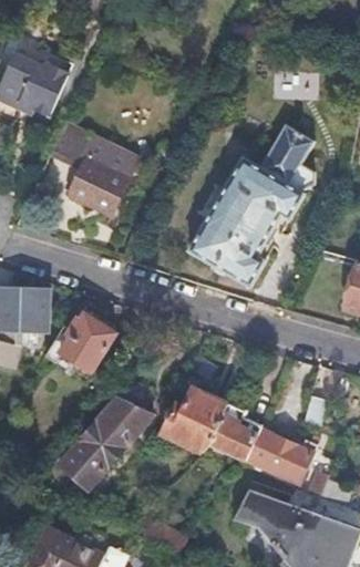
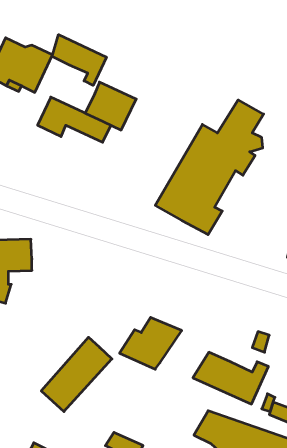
building: none -> [52,35,106,85]
building: [68,155,127,212] -> [85,82,136,130]
building: [44,315,113,372] -> none
building: [195,396,257,452] -> none

